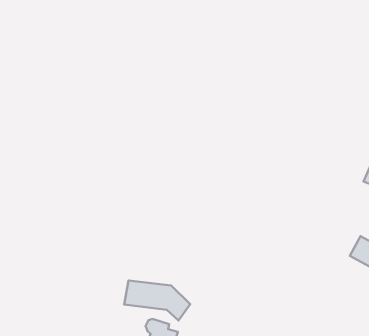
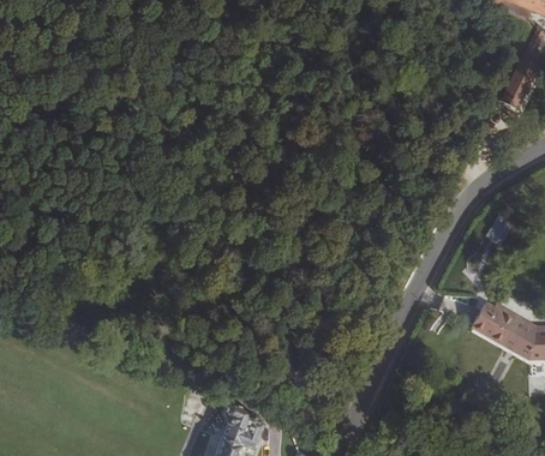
building: [124,280,190,320] -> none

